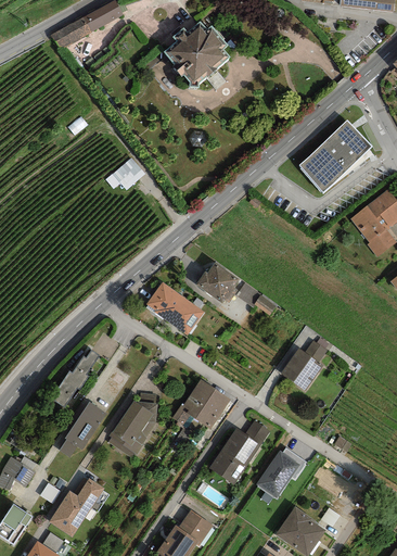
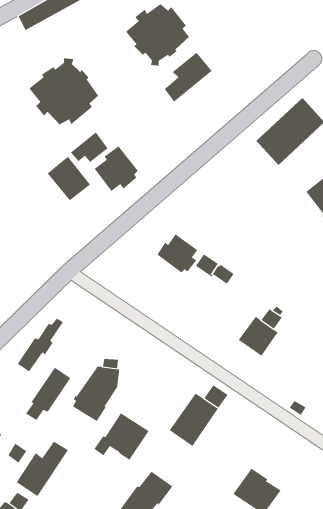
building: none -> [164,52,212,103]
building: none -> [29,58,99,125]
building: none -> [94,146,139,192]
building: none -> [47,156,91,201]
building: [145,281,204,334] -> none
building: [171,379,230,429] -> [93,412,150,460]
building: [256,446,305,497] -> none

